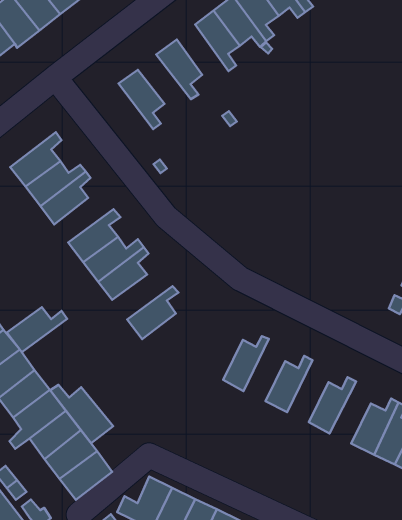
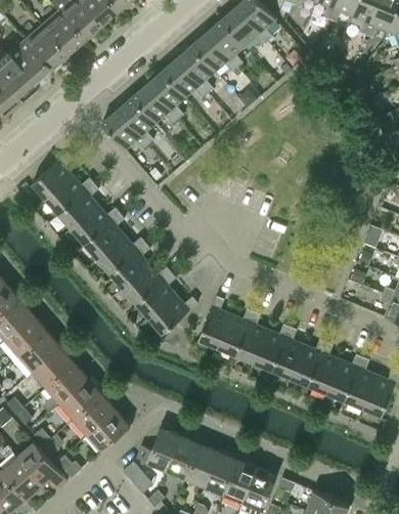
building: none -> [163,56,207,97]
building: none -> [132,83,177,123]
building: none -> [101,109,147,149]
building: none -> [71,204,119,242]
building: [7,307,67,352] -> [122,264,171,302]
building: none -> [148,295,197,334]
building: none -> [198,296,231,347]
building: none -> [234,311,267,362]
building: none -> [271,327,304,378]
building: none -> [307,342,340,393]
building: [50,385,113,443] -> none

